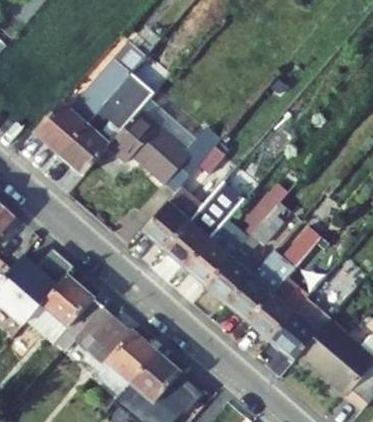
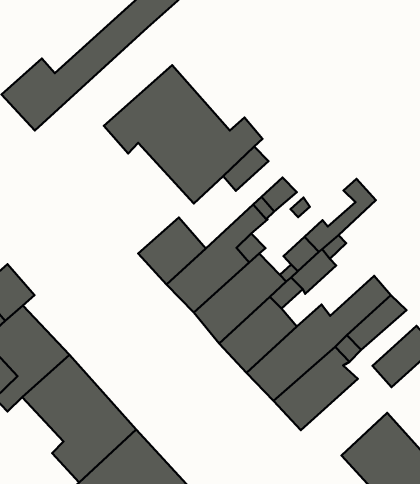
building: [61,73,147,174] -> none
building: [270,299,331,360] -> none

